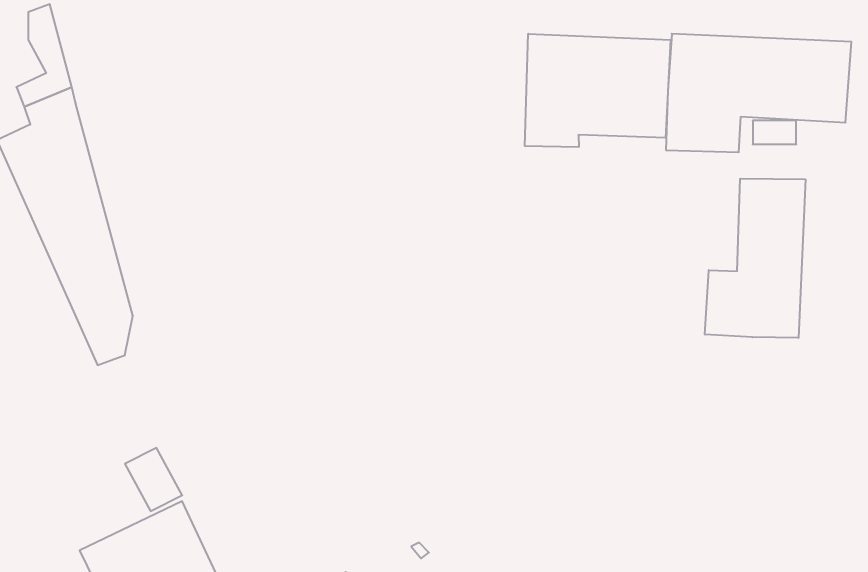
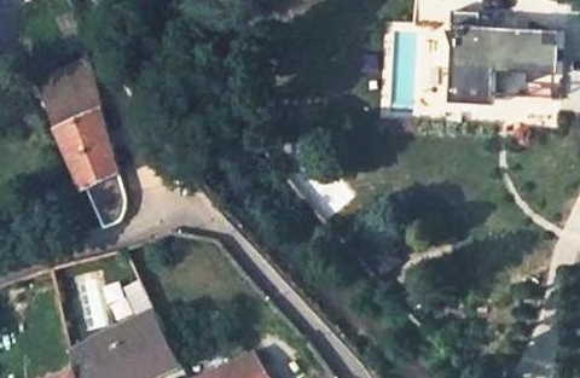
building: [525,34,670,147] -> none
building: [705,179,805,338] -> none

